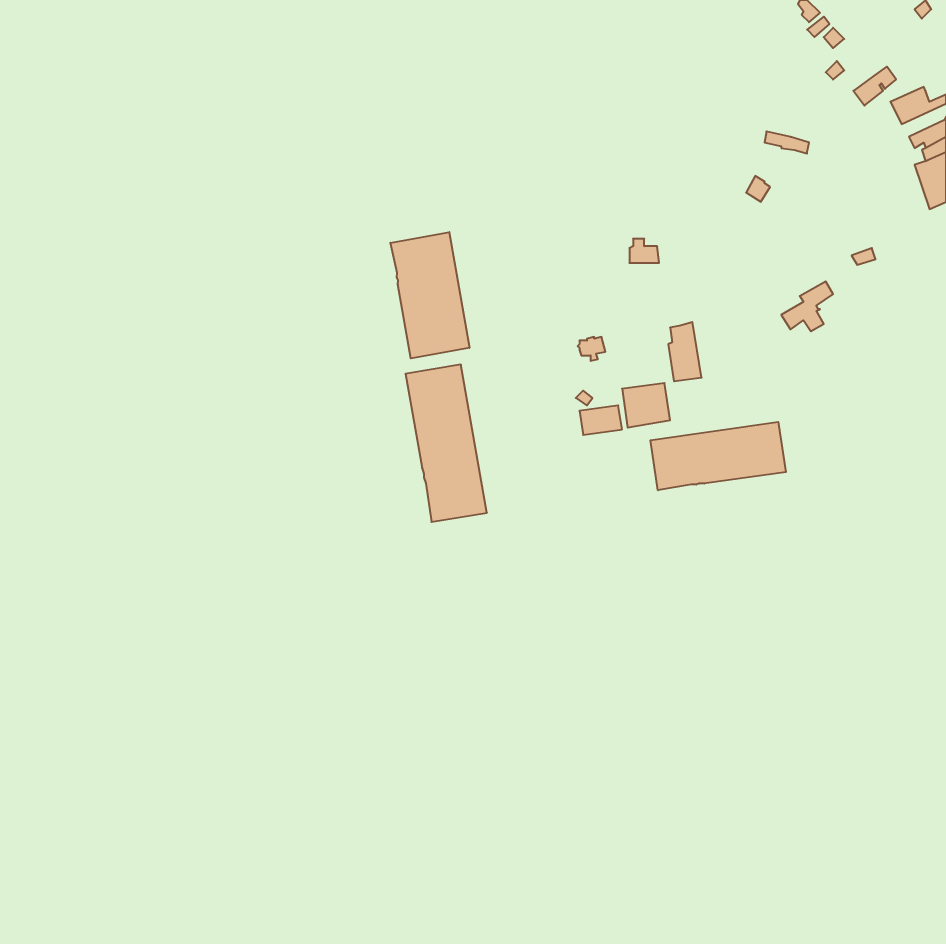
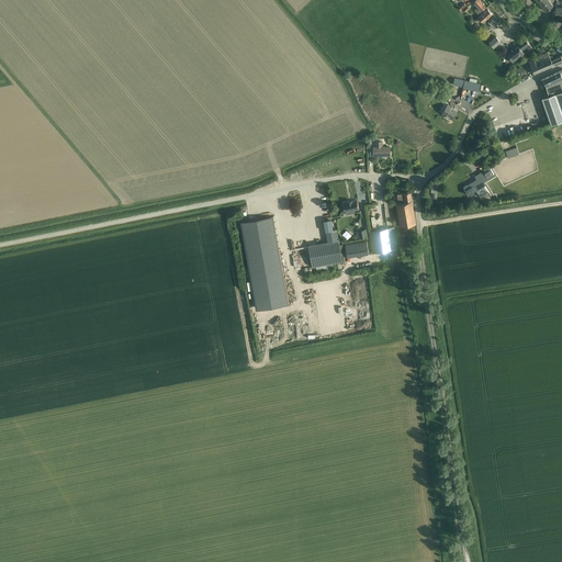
building: [390,232,469,358] -> none
building: none -> [308,222,342,268]
building: [650,422,786,490] -> none

